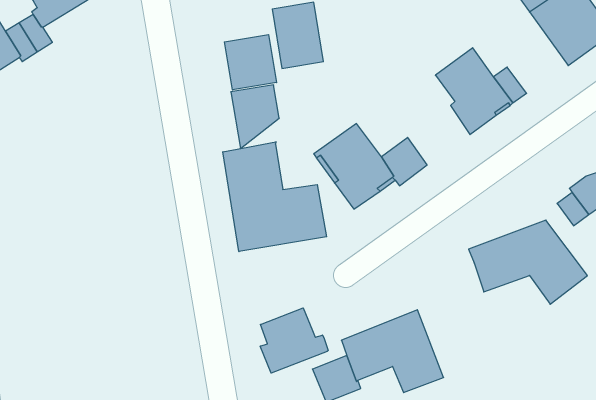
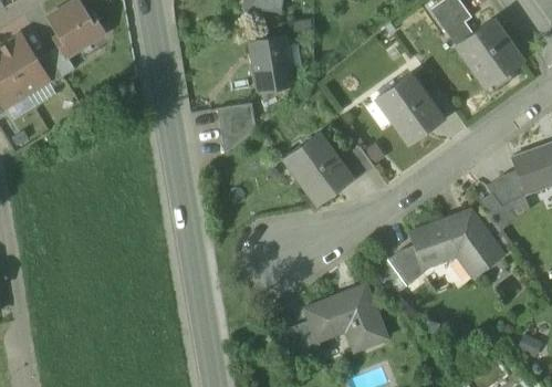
building: [224,35,277,90] -> none
building: [223,142,327,252] -> none
building: none -> [387,245,421,285]
building: [260,308,328,373] -> none

